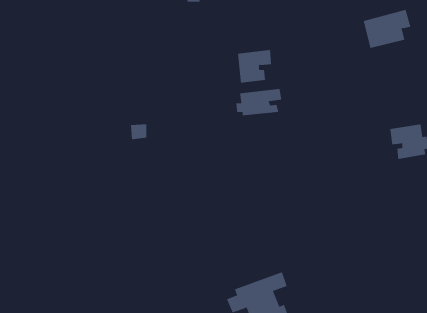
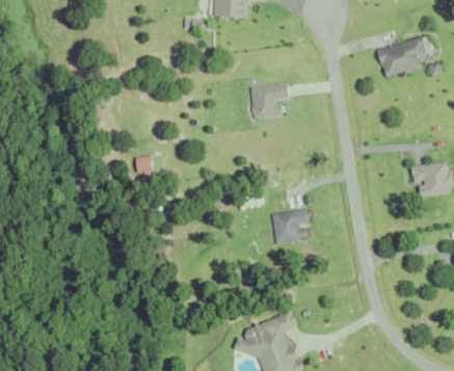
building: [236,88,282,116] -> none
building: none -> [270,208,308,242]

